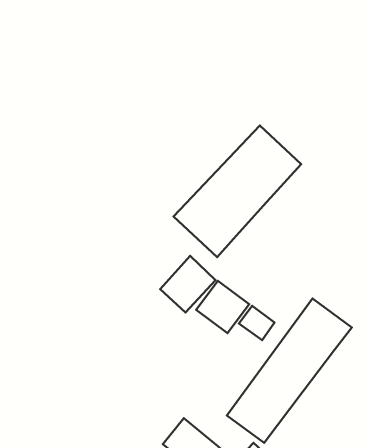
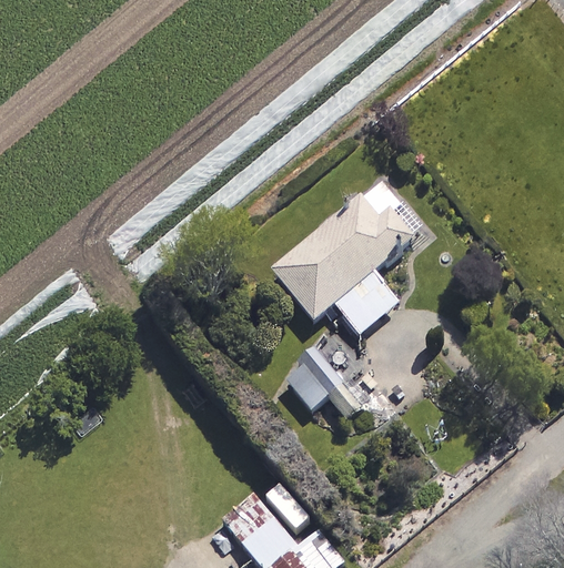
building: [160,256,216,312] -> [334,272,397,334]
building: [227,298,352,443] -> none

